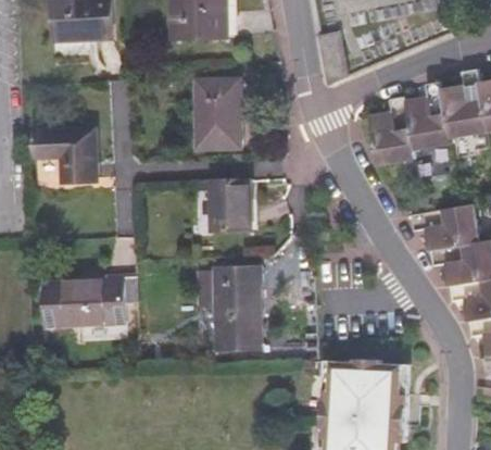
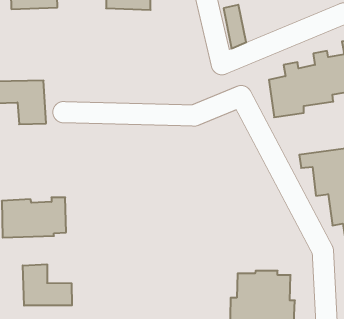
building: [192,76,238,147] -> none
building: [209,178,250,228] -> none
building: [207,268,255,351] -> none
building: none -> [23,264,72,306]

